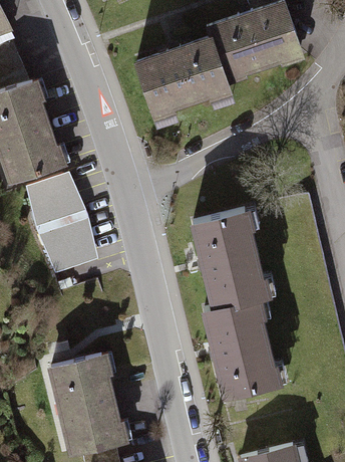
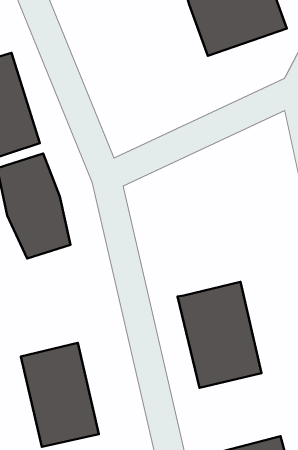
building: [140,32,232,115] -> none
building: [185,208,268,310] -> none

